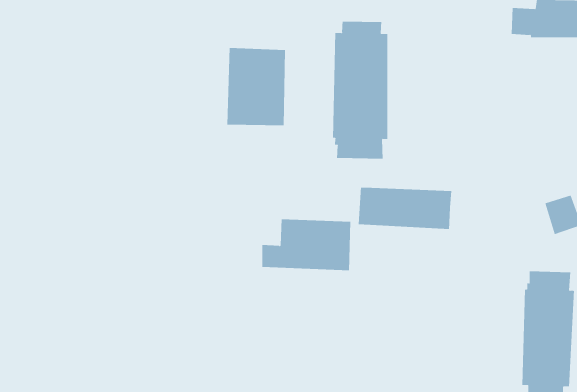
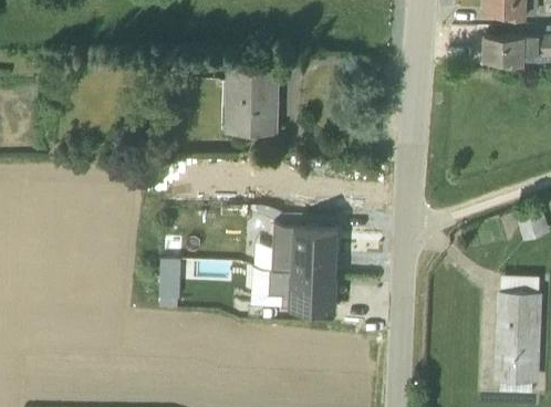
building: [332,21,388,160] -> none
building: [358,187,452,229] -> [250,271,336,310]
building: none -> [162,264,181,307]

